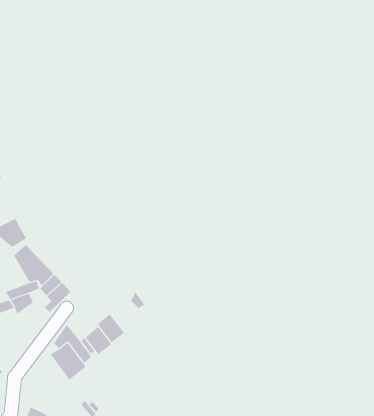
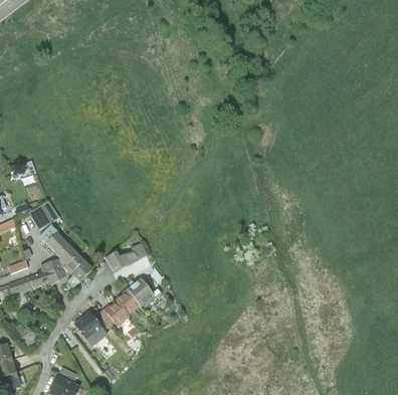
building: none -> [106,242,147,272]
building: none -> [132,274,158,302]

